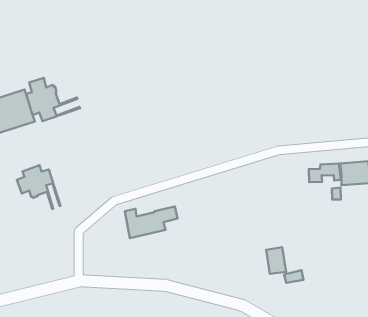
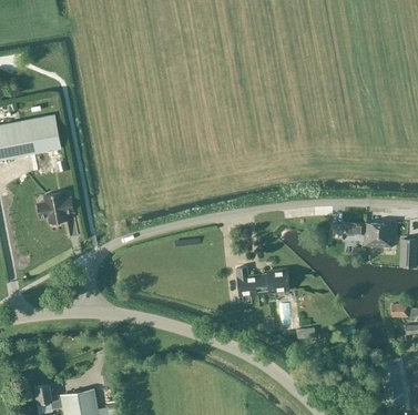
building: [26,78,80,121] -> none
building: [125,207,177,238] -> [236,269,288,297]

